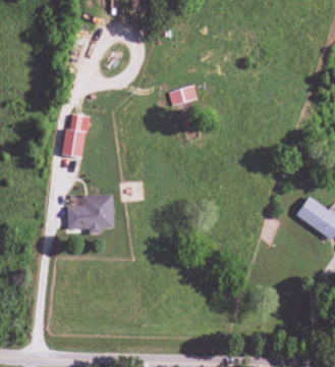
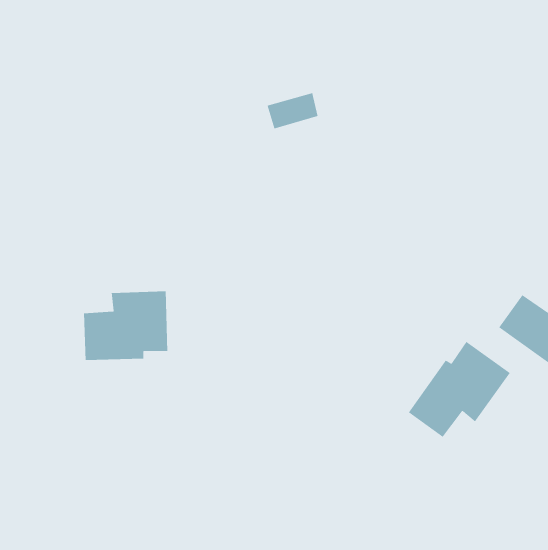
building: [61,113,89,157] -> none
building: none -> [408,341,511,438]

